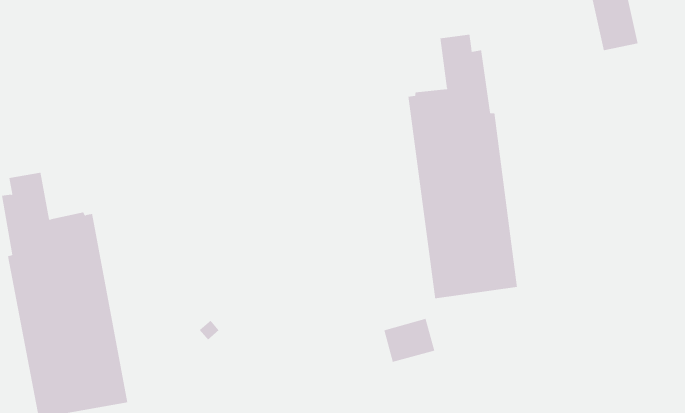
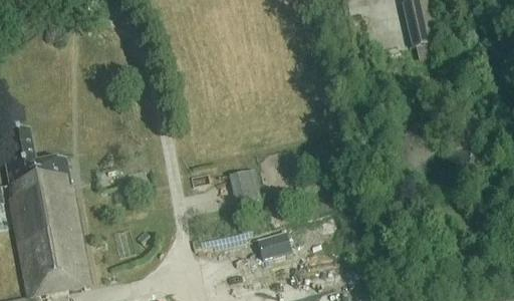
building: [408,34,518,299] -> none
building: none -> [235,169,265,203]

